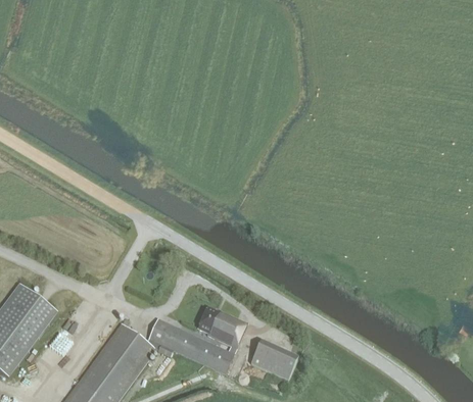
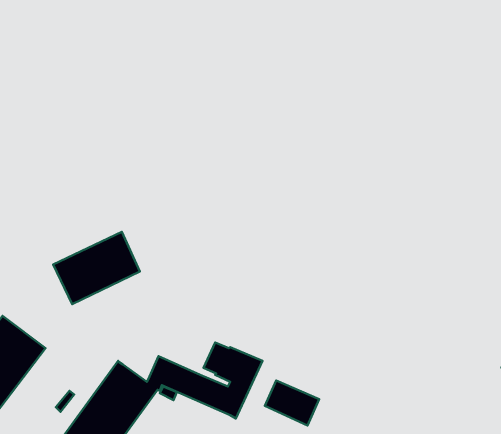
building: none -> [53,232,140,304]

